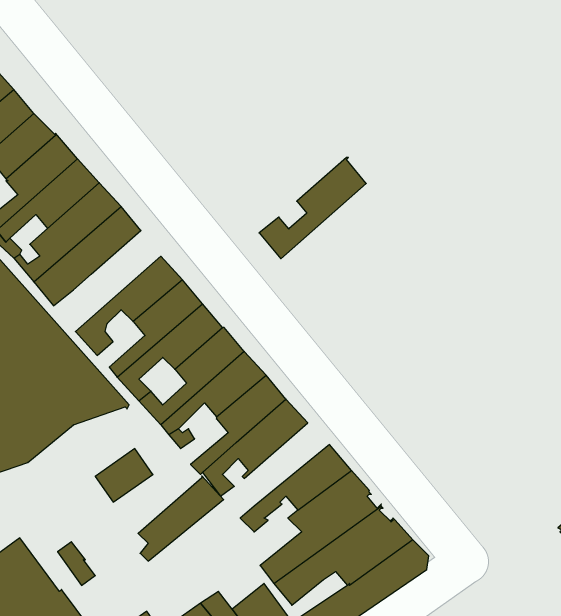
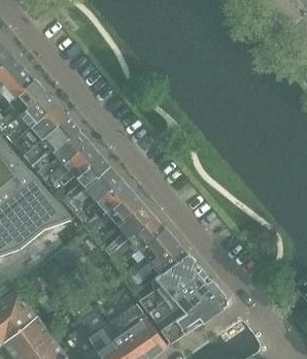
building: [259,158,366,259] -> [33,129,89,182]
building: [138,476,224,561] -> [132,228,176,272]

